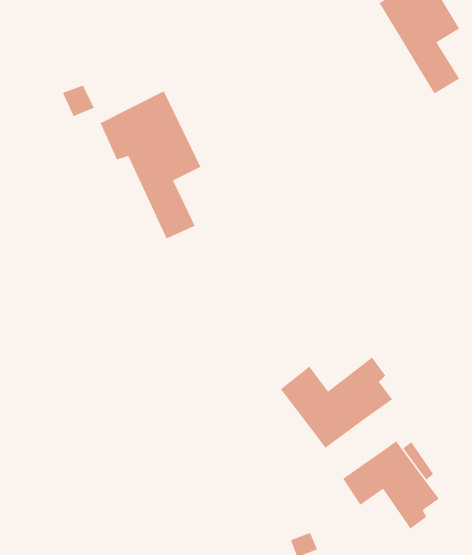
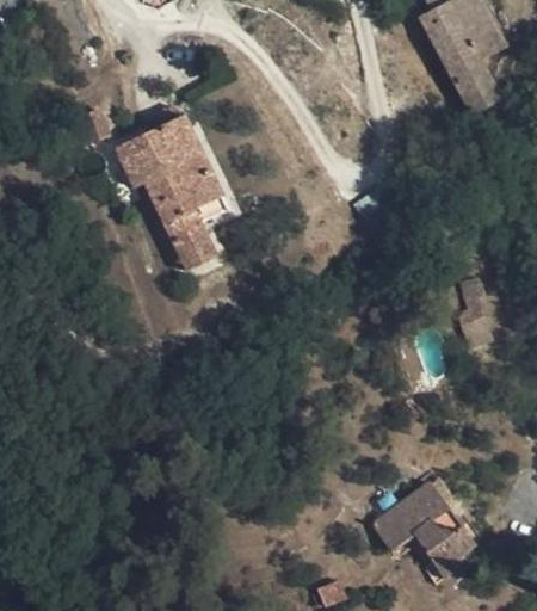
building: none -> [459,274,496,347]
building: [280,356,393,449] -> none

